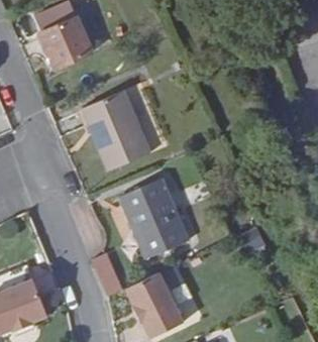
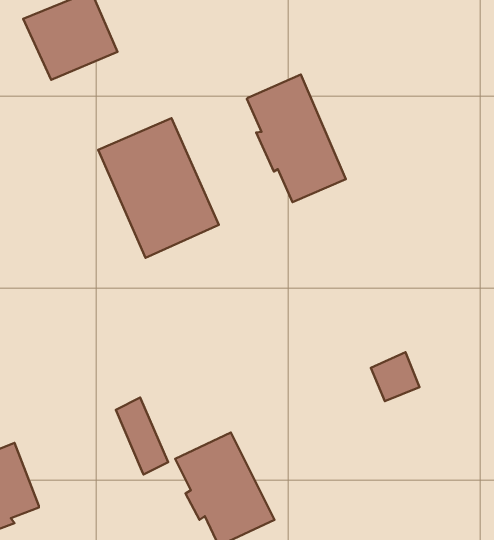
building: none -> [247,75,346,202]
building: [119,178,189,258] -> none

